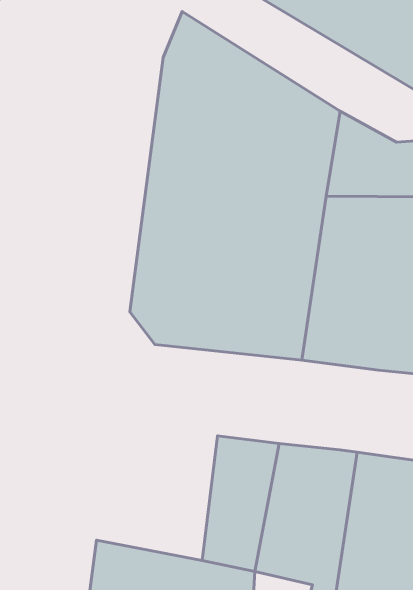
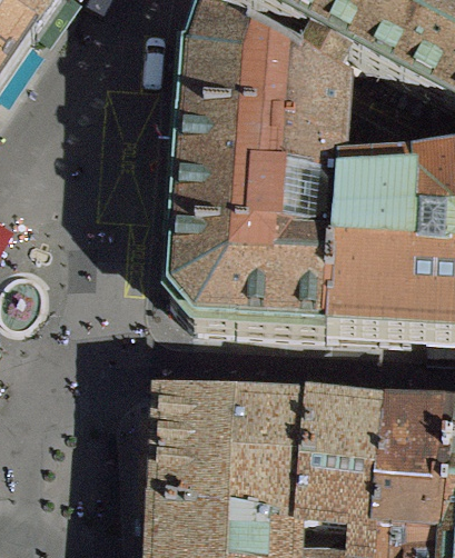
building: none -> [144,396,257,512]

